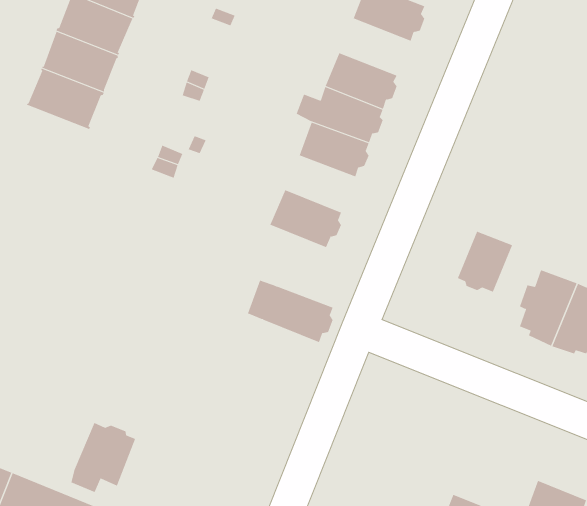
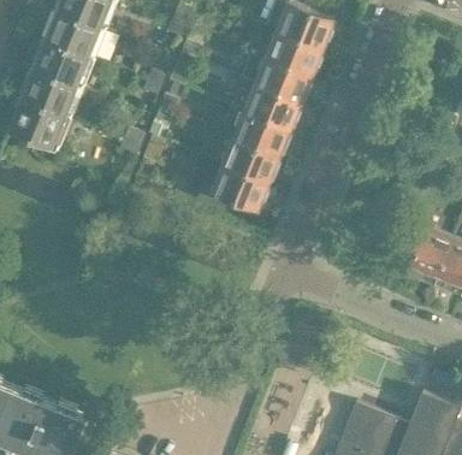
building: none -> [267,30,324,75]
building: none -> [10,98,72,150]
building: [457,231,513,293] -> none
building: [247,280,333,343] -> [213,132,280,182]
building: [71,422,136,493] -> none

